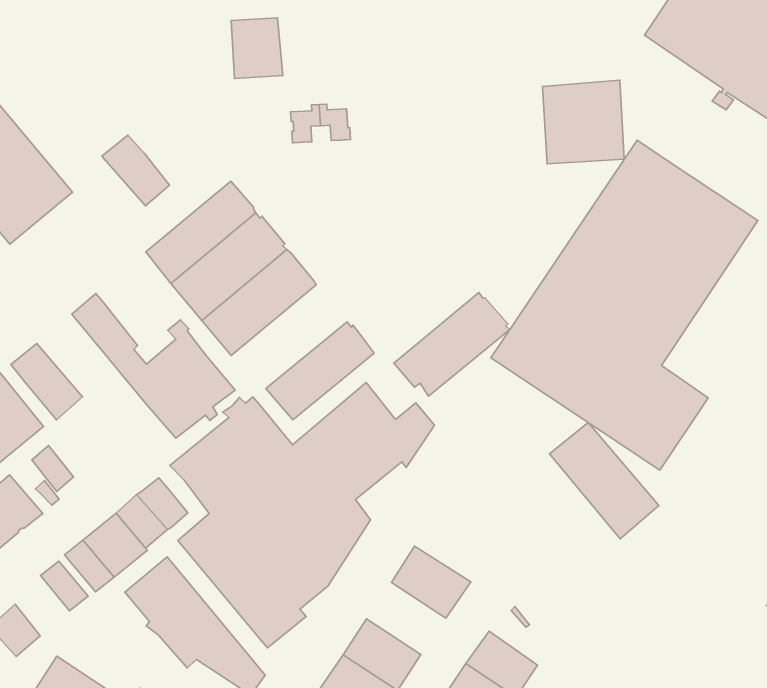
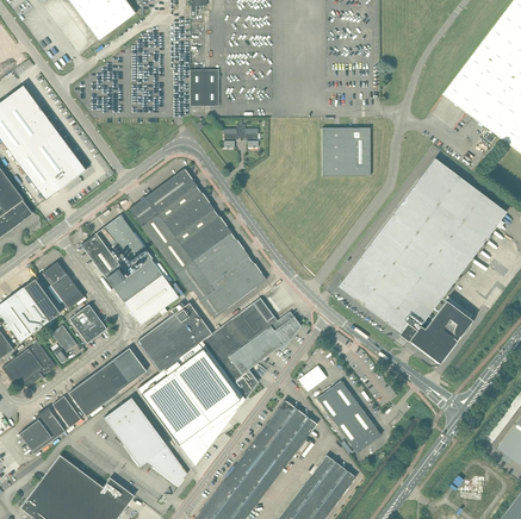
building: [543,80,624,164] -> [322,127,370,176]
building: [102,135,169,206] -> [104,215,144,260]
building: [394,293,510,396] -> [178,236,250,298]
building: none -> [69,305,106,344]
building: [549,423,659,539] -> [316,381,382,454]
building: none -> [36,408,66,442]
building: none -> [252,421,300,467]

